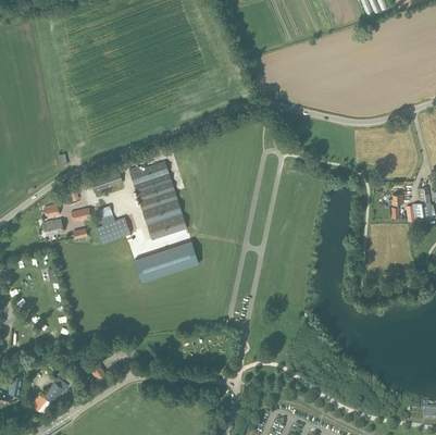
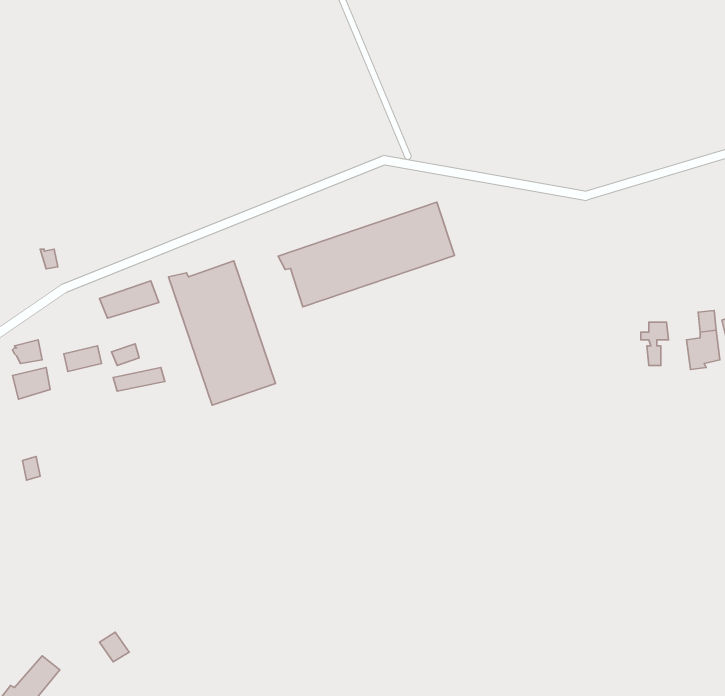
building: none -> [278,202,455,307]
building: [135,240,199,282] -> none

